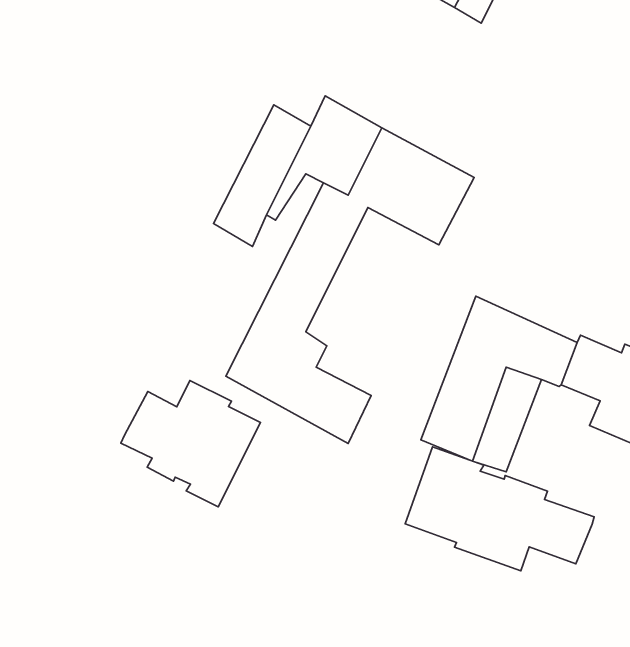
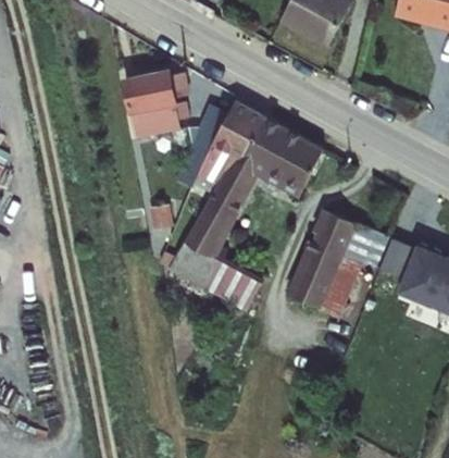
building: none -> [127,67,185,134]
building: [121,380,260,507] -> none
building: [405,447,594,571] -> none

